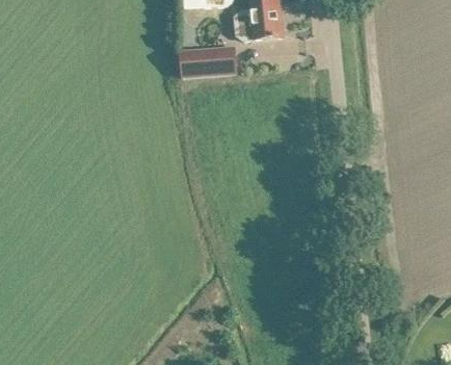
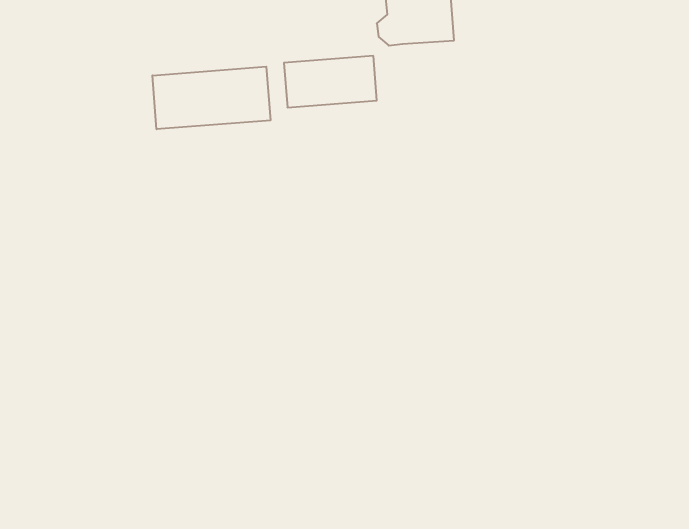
building: none -> [152,67,270,129]

